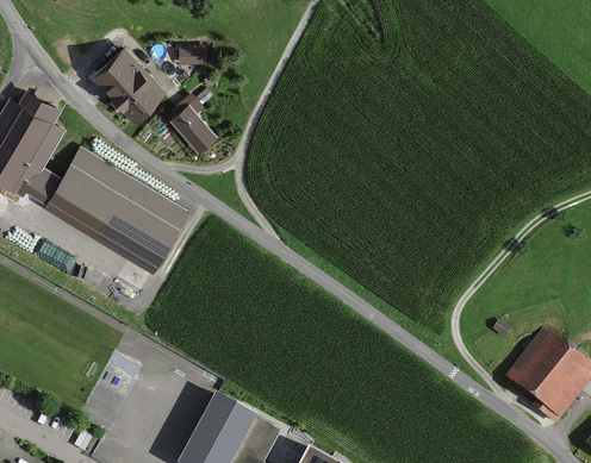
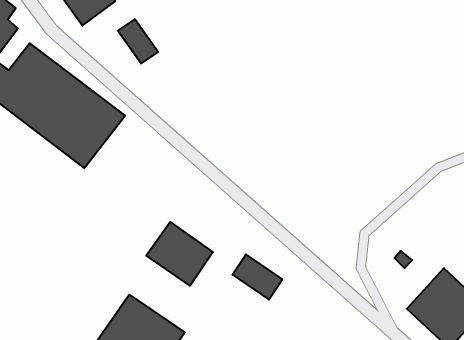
building: none -> [146,222,213,286]
building: none -> [232,254,282,300]

